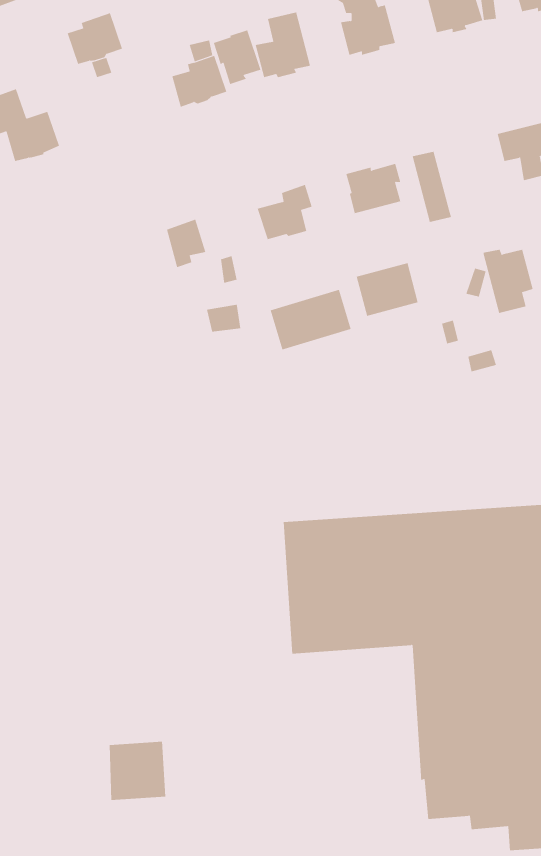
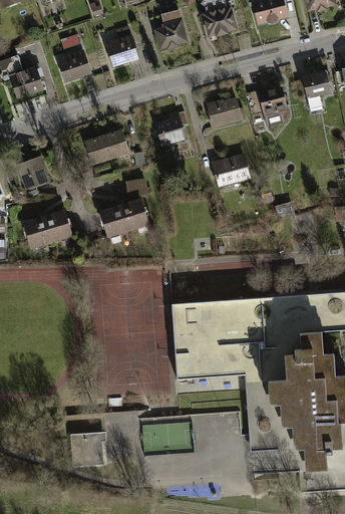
building: [67,12,123,65] -> [58,50,90,80]
building: [213,29,261,85] -> none
building: none -> [85,136,109,160]
building: [483,249,533,313] -> [258,87,287,124]
building: none -> [18,157,48,187]
building: [270,289,352,350] -> [100,200,147,235]
building: none -> [24,211,70,246]

